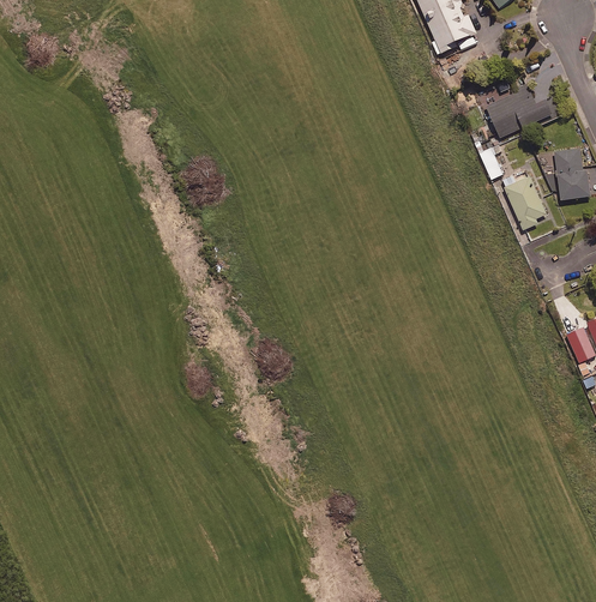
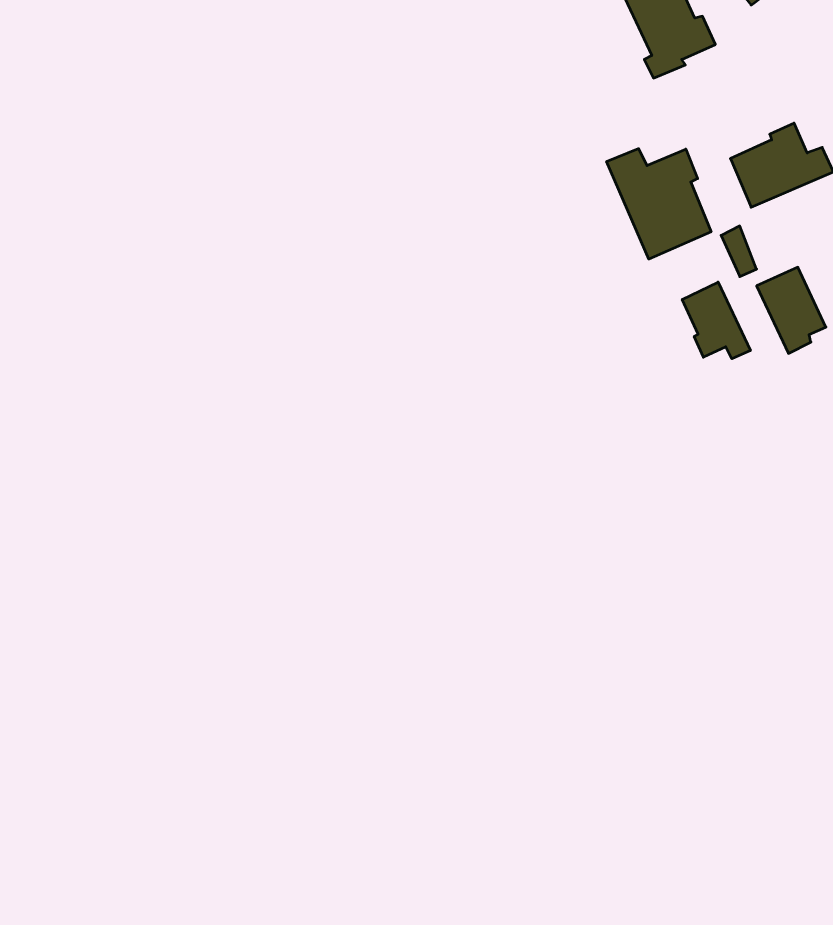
building: none -> [607,149,711,259]
building: none -> [682,282,750,359]

